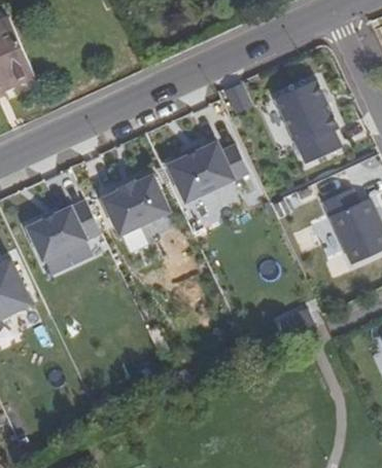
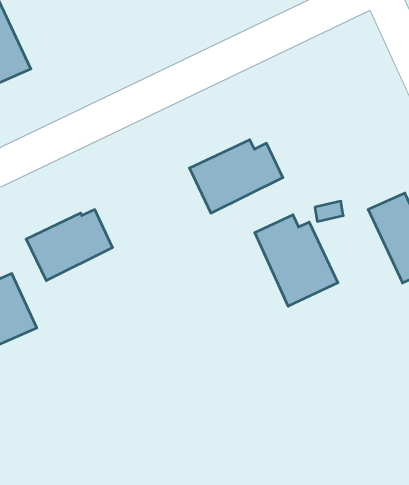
building: [272,81,339,167] -> none
building: [101,171,174,236] -> none
building: none -> [255,215,338,306]

